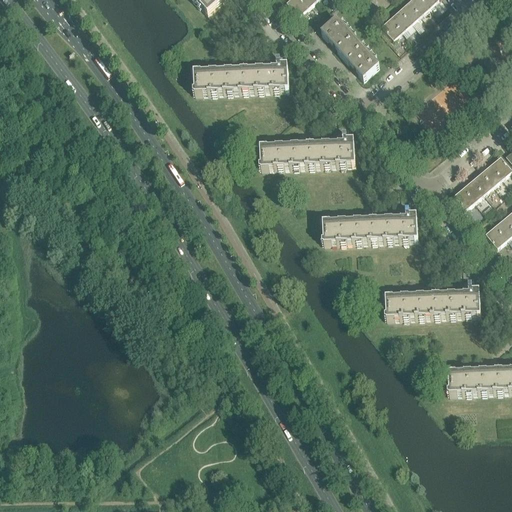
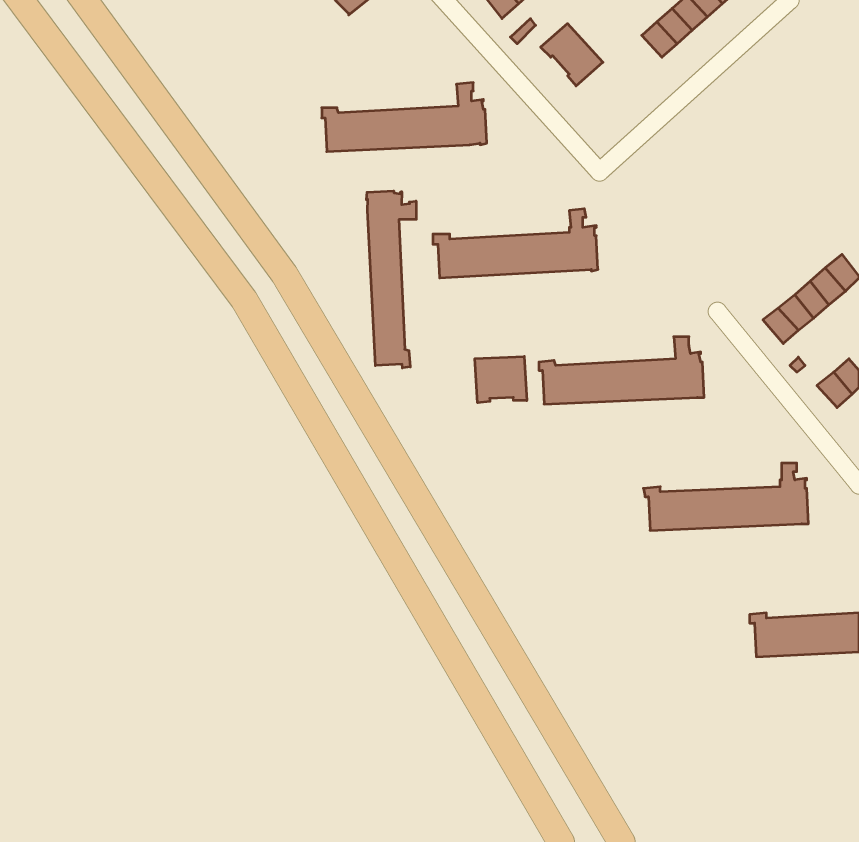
building: [342,37,379,75] -> none
building: none -> [366,191,416,368]
building: none -> [475,356,527,403]

